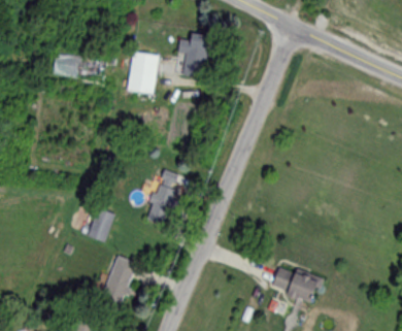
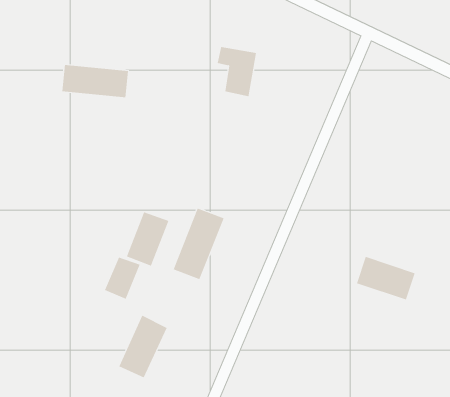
building: [130,53,159,94] -> none
building: none -> [126,211,169,266]
building: [272,265,320,300] -> [356,256,416,300]

